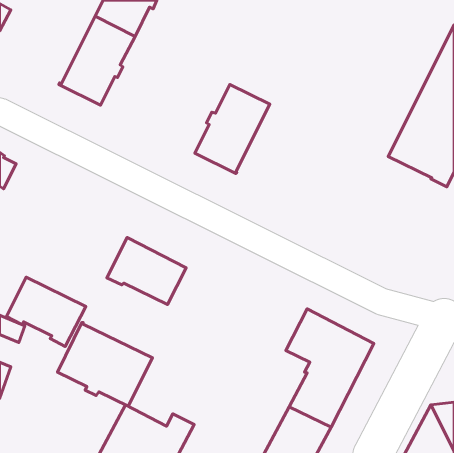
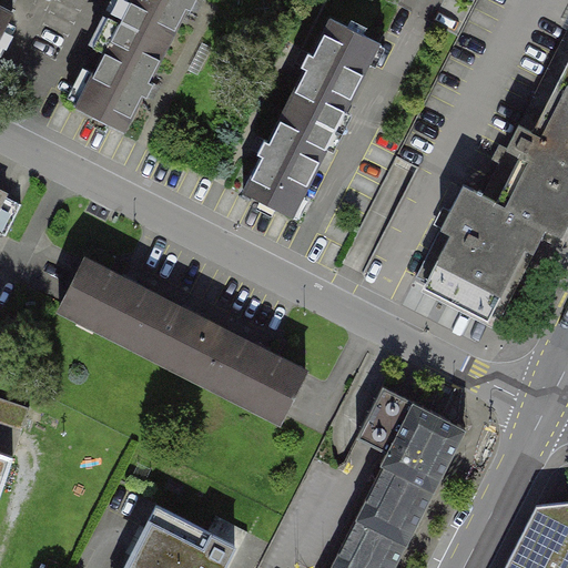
building: none -> [286,21,382,132]
building: none -> [416,186,538,316]
building: none -> [209,336,306,423]
building: [7,277,86,347] -> [60,262,159,348]
building: [57,322,153,406] -> none

